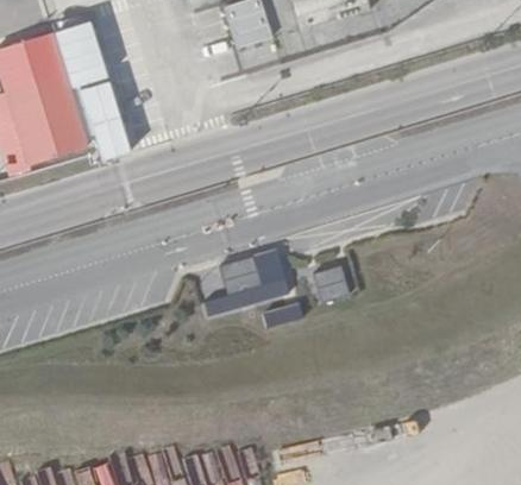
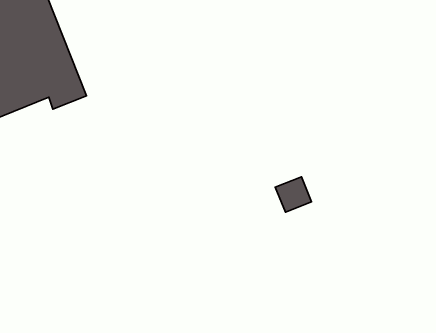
building: [203,259,287,316] -> none

